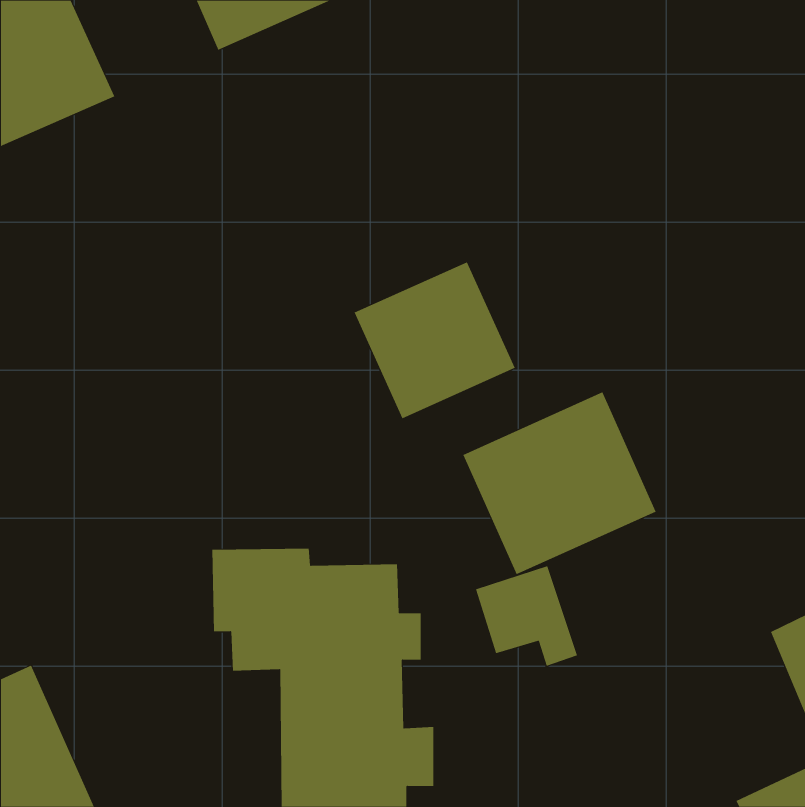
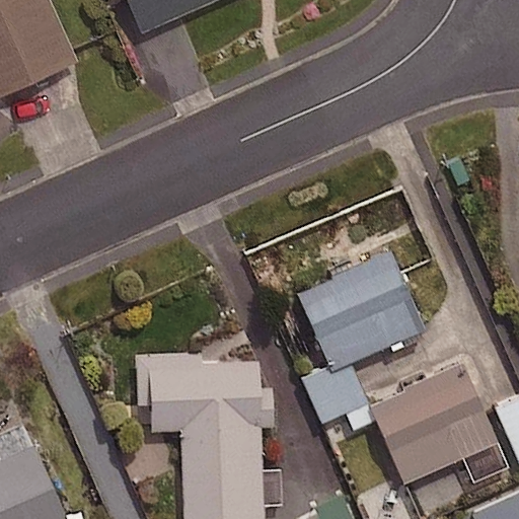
building: [354,261,515,419] -> none
building: none -> [372,368,496,481]

